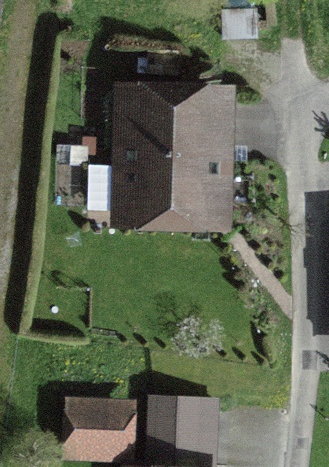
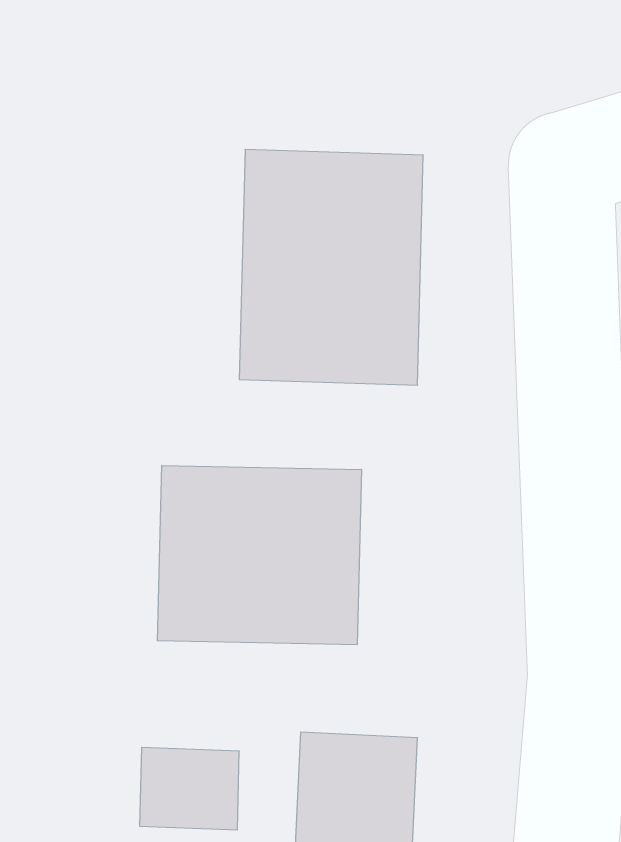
building: none -> [157,465,361,645]

